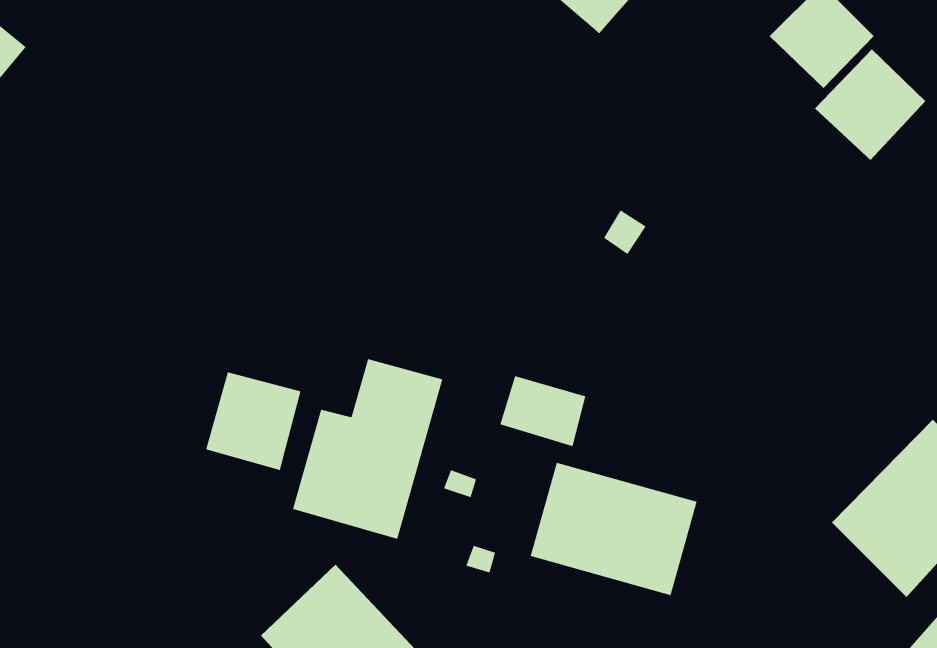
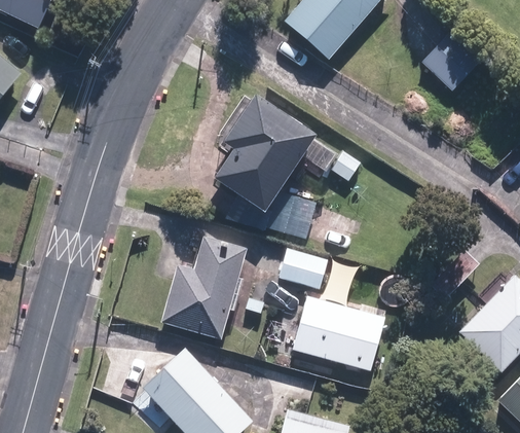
building: [814,49,926,161] -> none
building: none -> [216,89,319,233]
building: [205,371,301,471] -> none

